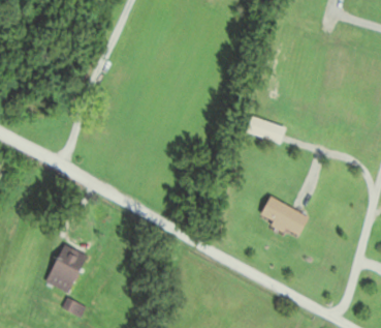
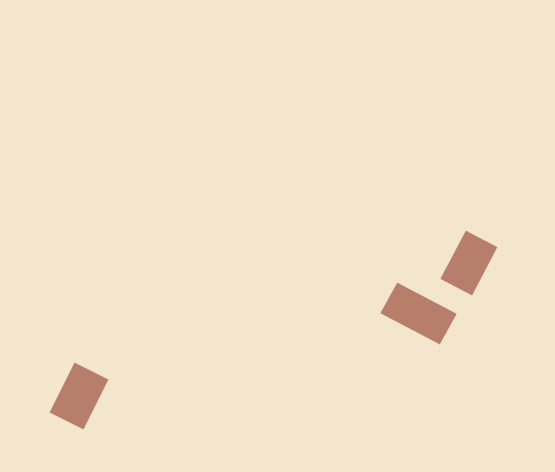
building: none -> [439,229,498,296]

